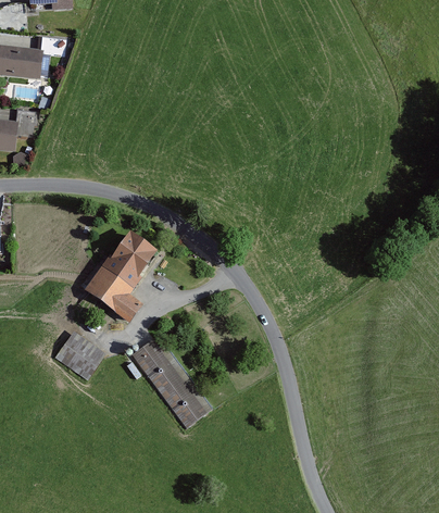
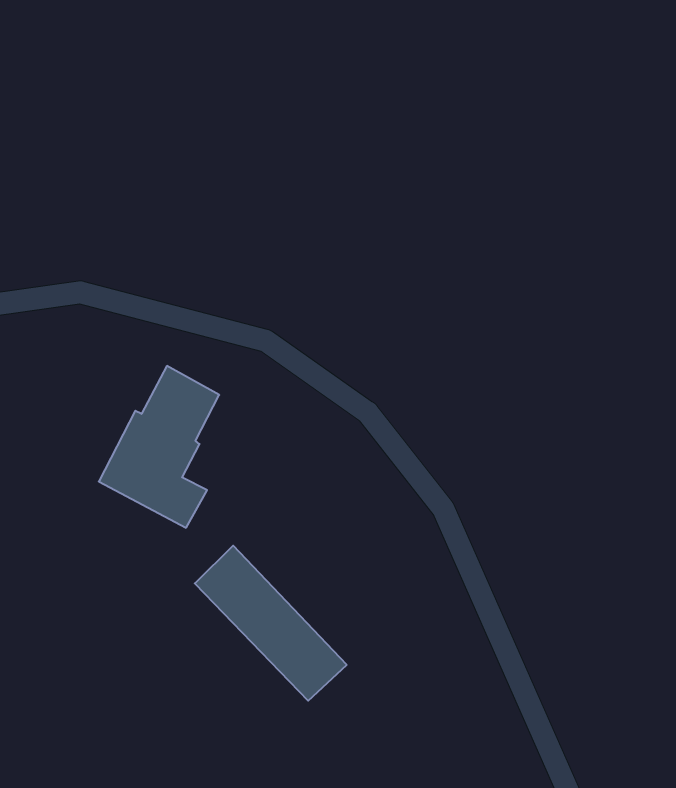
building: [53,330,104,378] -> none

